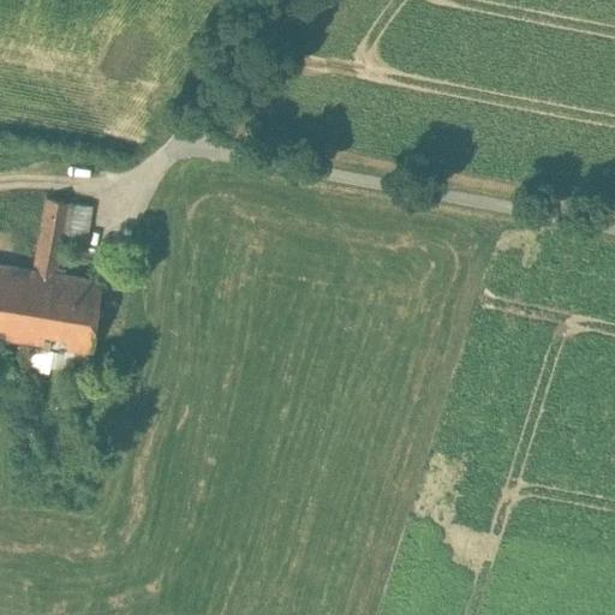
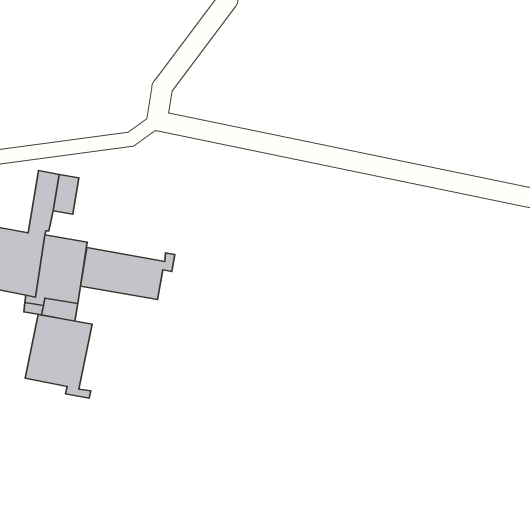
building: none -> [81,248,175,300]
building: none -> [25,314,92,398]

